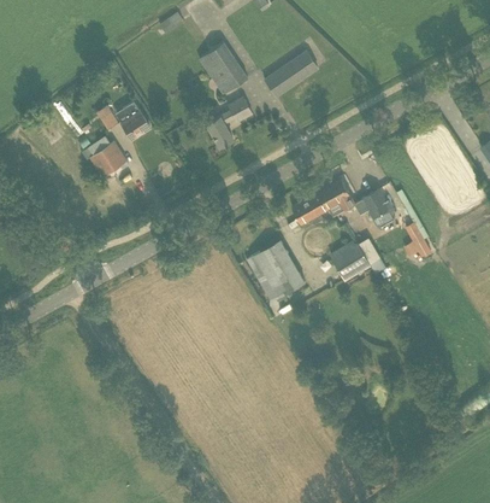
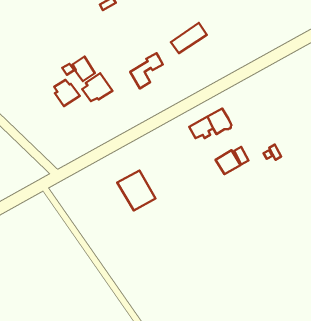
building: [197,42,247,94] -> none
building: none -> [82,73,112,101]
building: [362,188,392,227] -> none
building: [247,240,305,300] -> [117,170,155,210]

